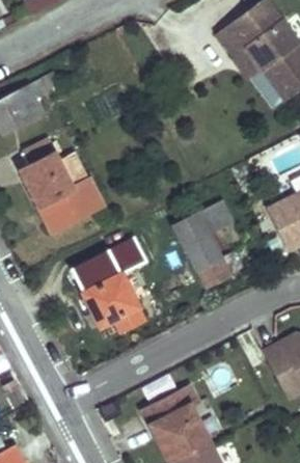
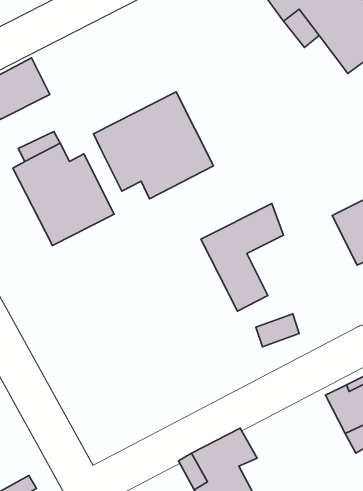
building: none -> [94,92,213,199]
building: [74,235,149,320] -> none

